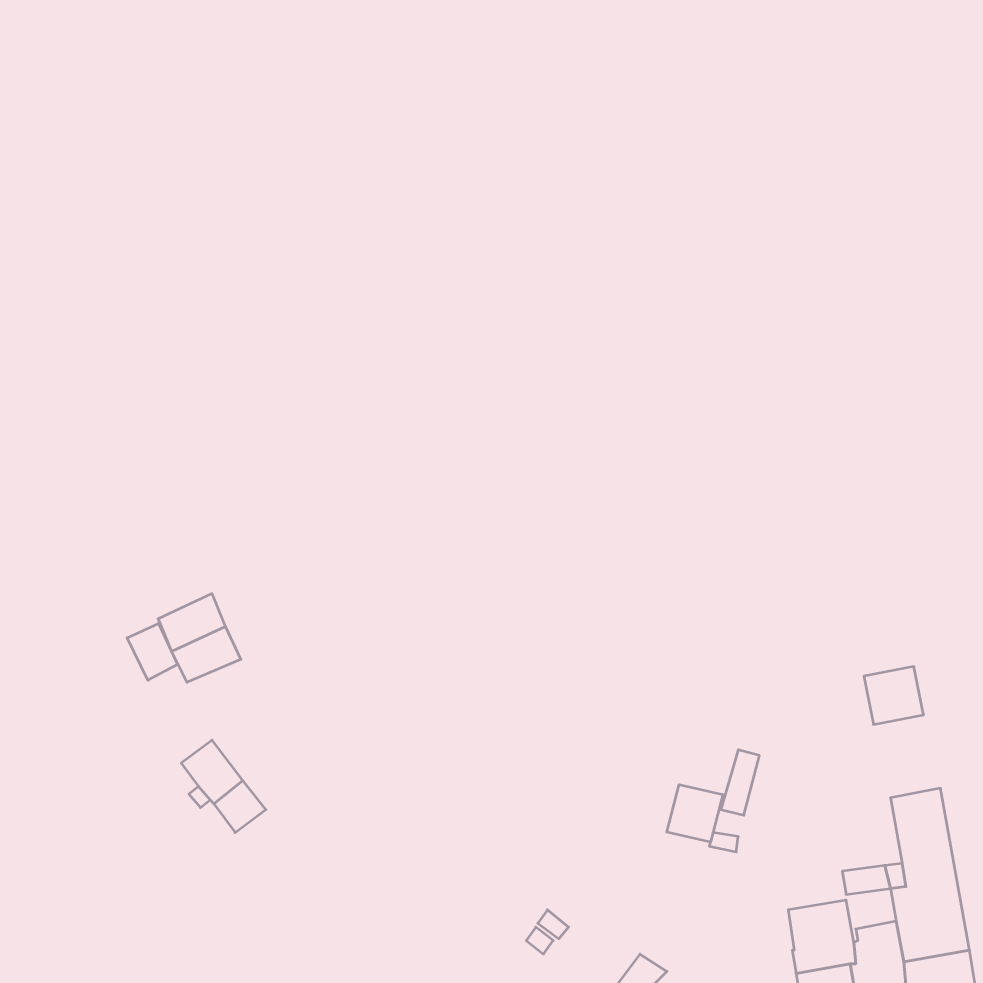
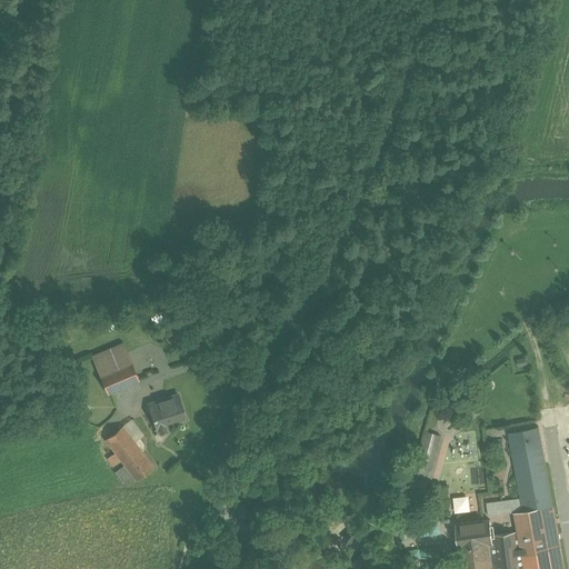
building: [127,623,178,680] -> none
building: [864,667,924,724] -> [508,428,542,461]
building: none -> [148,397,186,433]
building: [667,785,723,842] -> none

